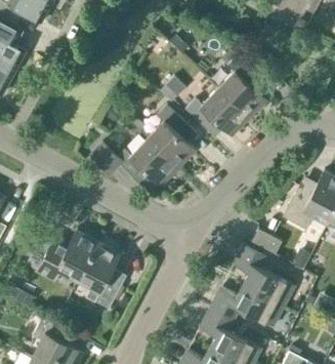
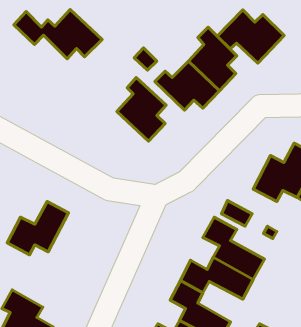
building: none -> [217,10,284,63]
building: [90,138,178,188] -> [14,10,102,59]
building: [78,240,122,309] -> none

